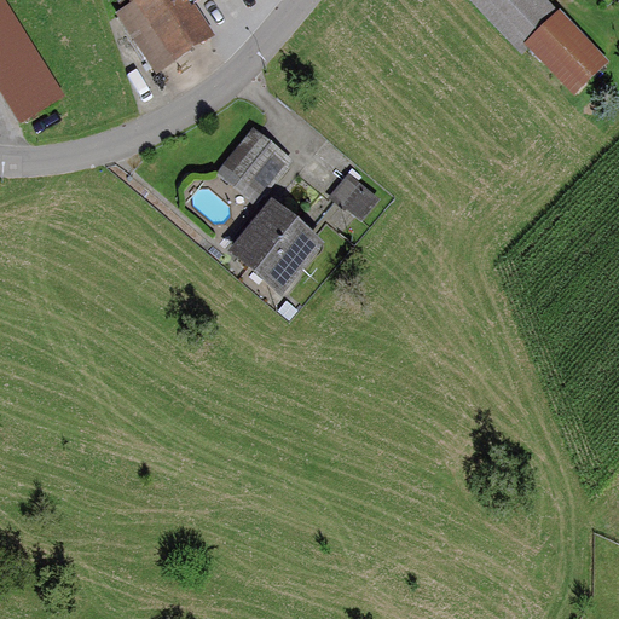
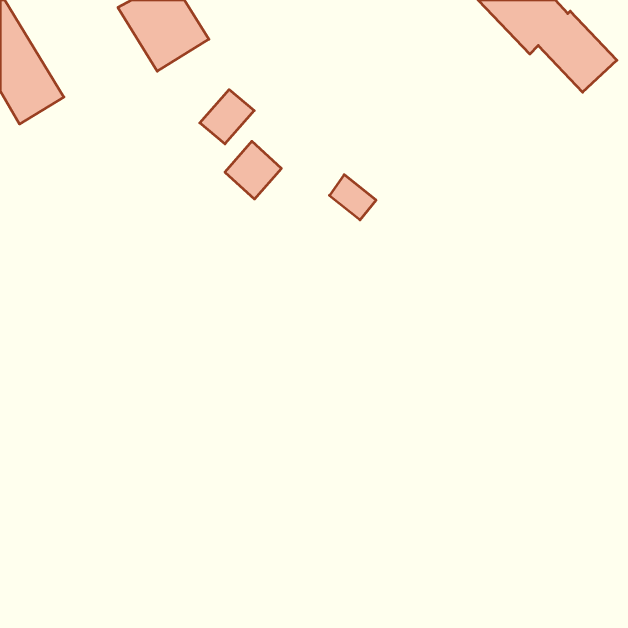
building: none -> [200,90,254,144]
building: [232,209,310,283] -> none

